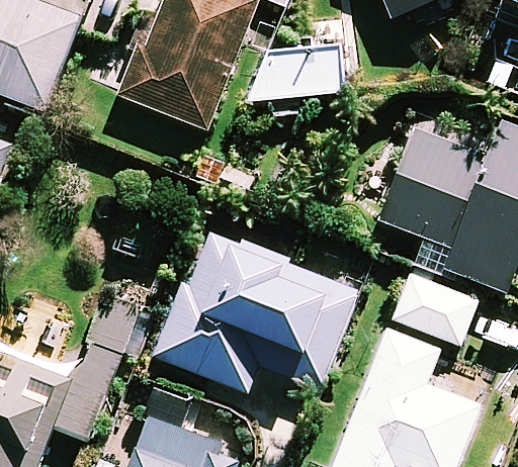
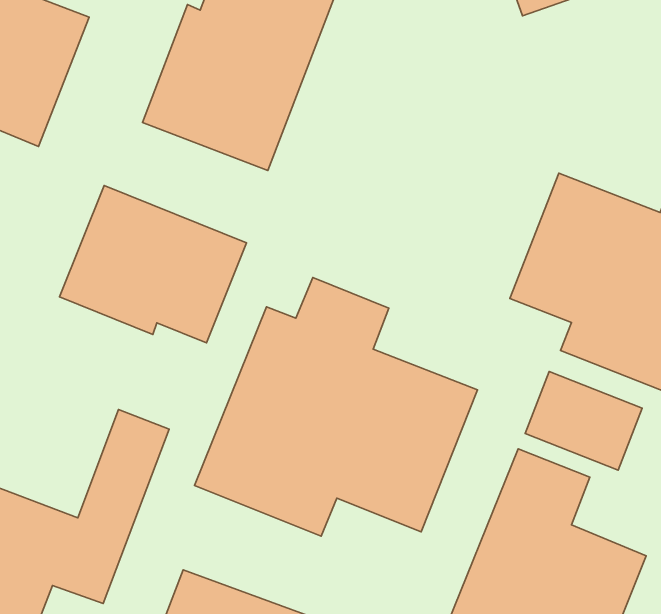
building: [260,48,342,100] -> none
building: none -> [60,186,246,343]

